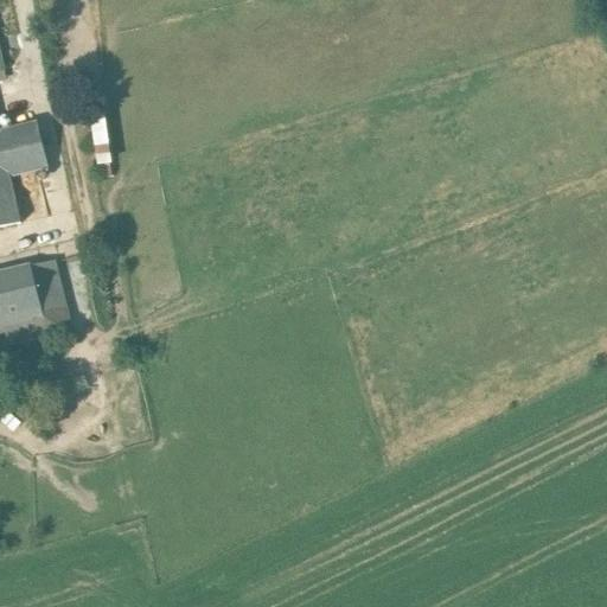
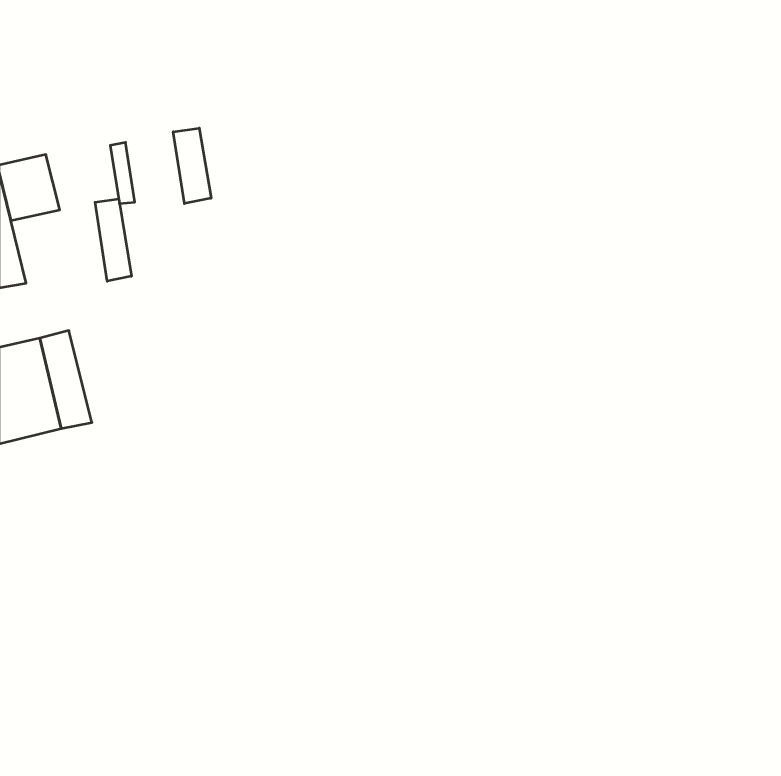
building: none -> [173,128,211,204]
building: none -> [95,199,131,281]

